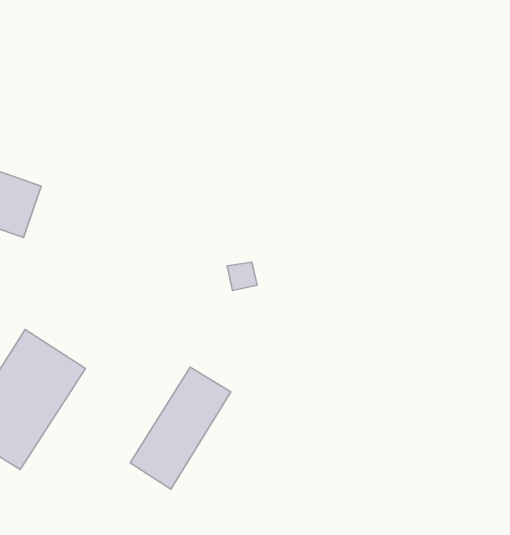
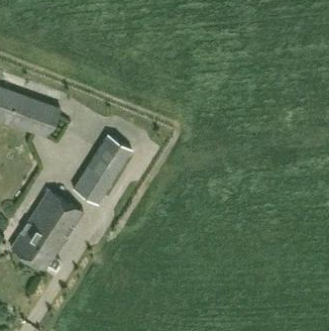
building: [130,367,231,489] -> [74,134,131,204]

